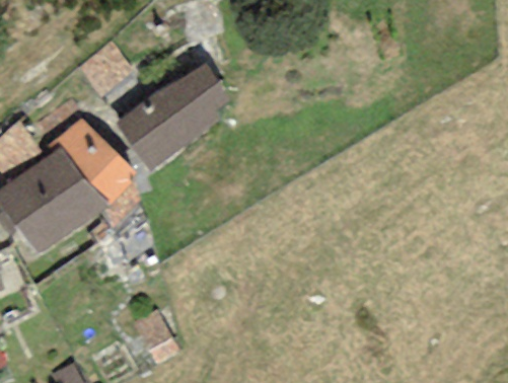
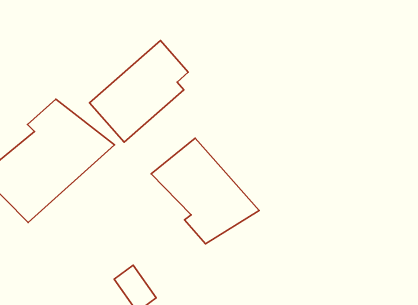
building: none -> [151,138,259,244]

